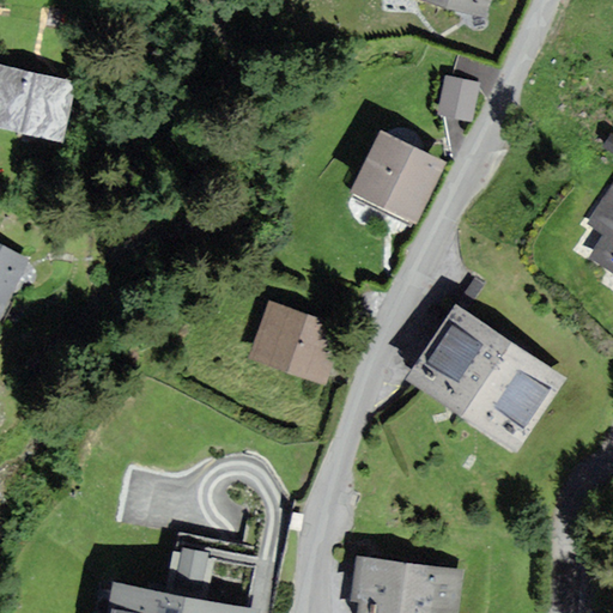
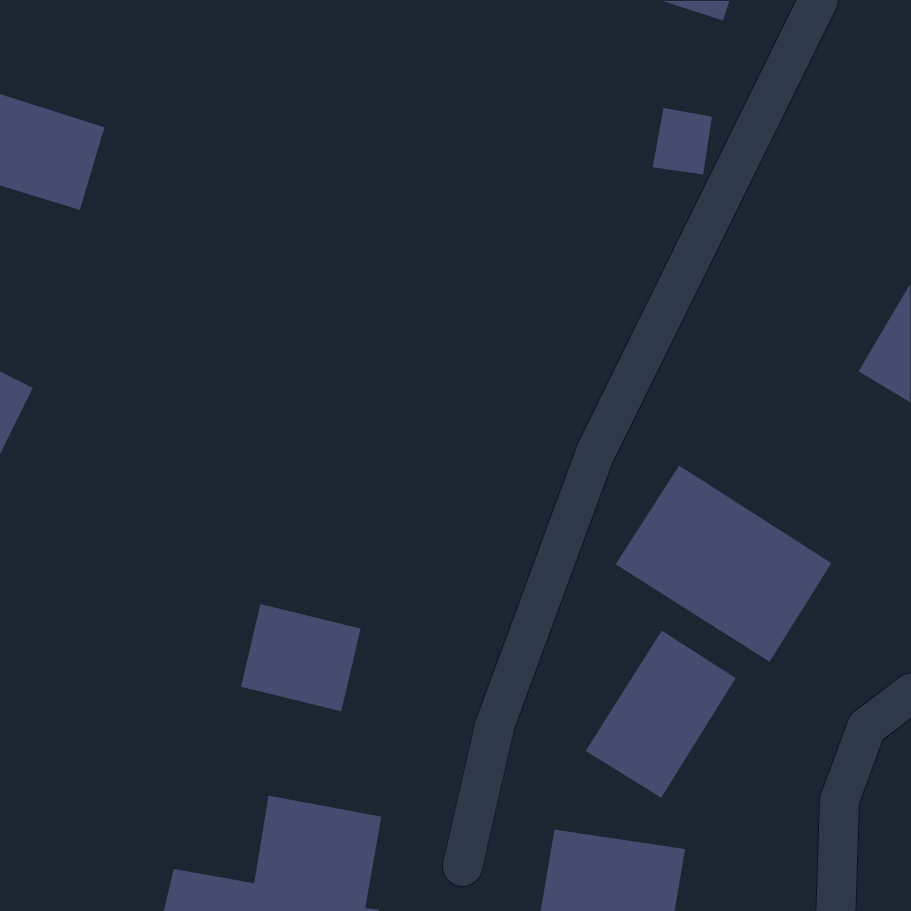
building: [356,129,443,217] -> none
building: [256,303,338,376] -> [240,603,362,712]
building: none -> [585,630,737,799]

